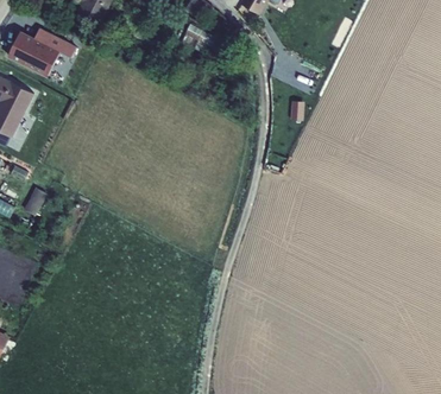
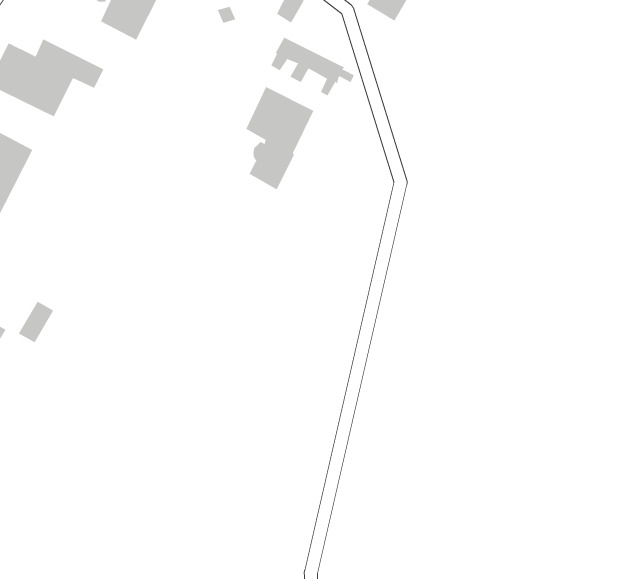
building: none -> [245,86,314,190]

